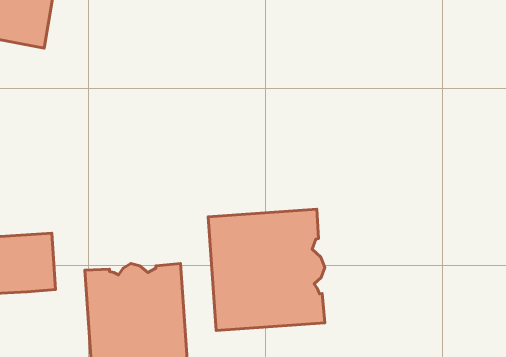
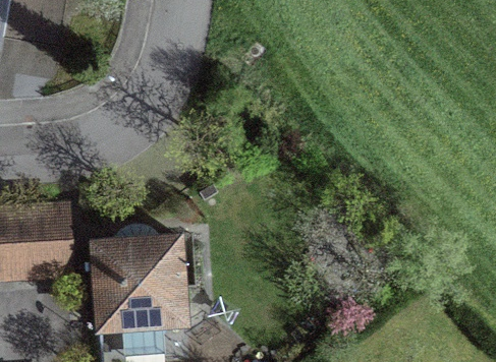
building: [208,209,325,330] -> none

